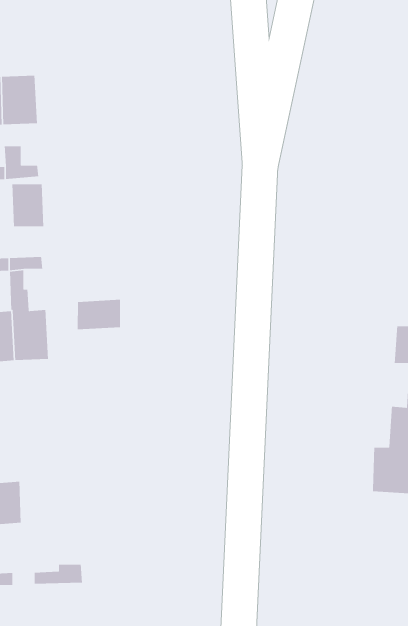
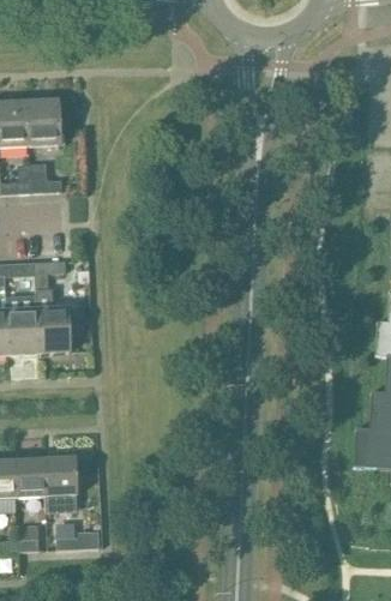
building: [12,184,44,227] -> none
building: [77,299,121,330] -> none
building: none -> [46,456,78,509]

